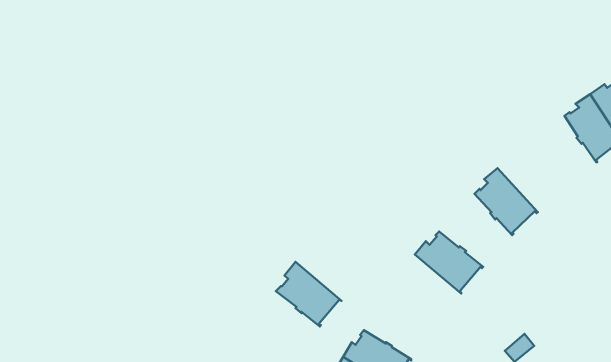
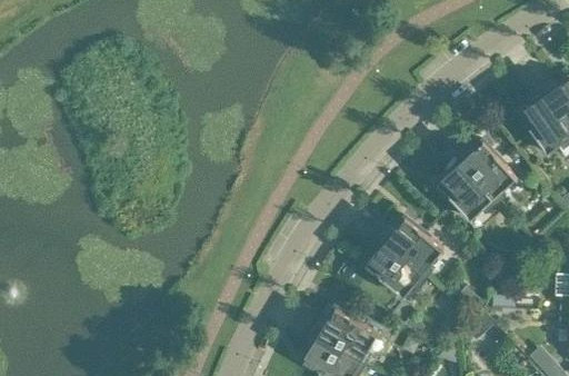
building: none -> [457,141,516,200]
building: [276,262,342,326] -> [363,239,423,298]

